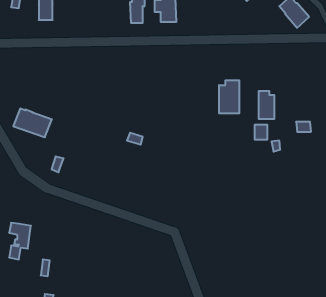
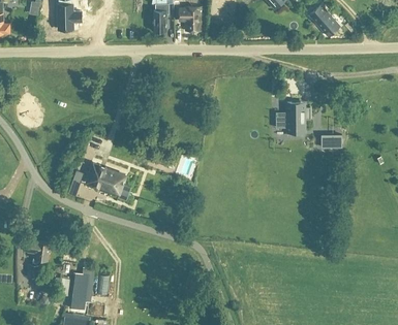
building: [219,80,239,113] -> none
building: [13,108,52,137] -> [86,164,126,194]
building: none -> [68,268,95,311]

